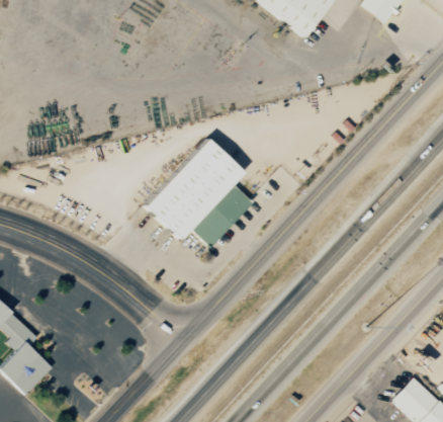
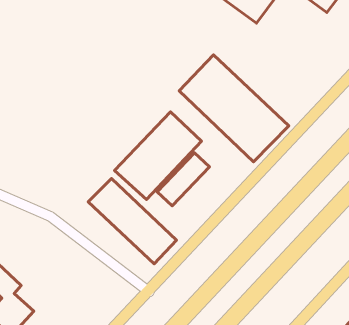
building: none -> [179,55,289,162]
building: none -> [88,178,176,264]

